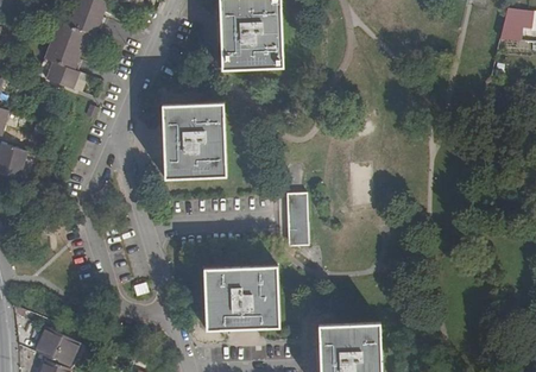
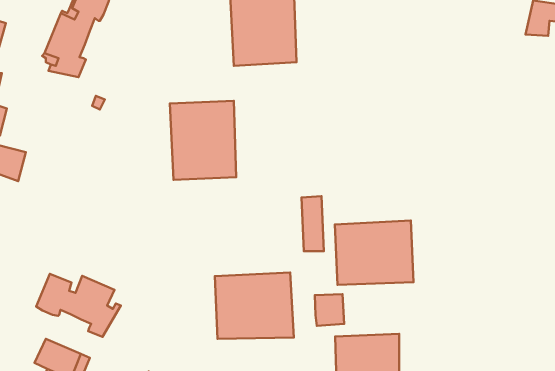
building: none -> [335,221,413,285]
building: none -> [36,274,121,337]
building: none -> [315,294,344,326]

